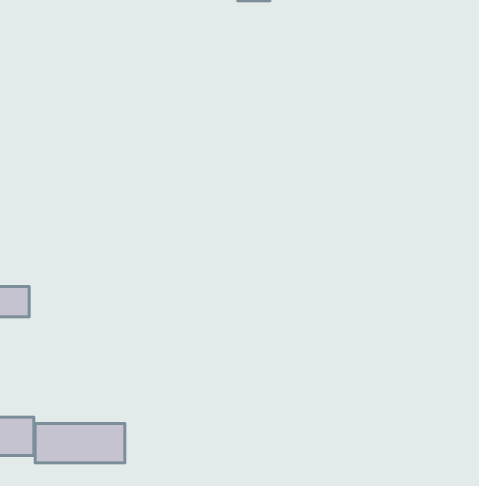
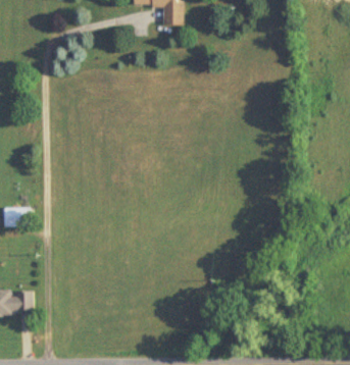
building: [35,423,125,463] -> none

